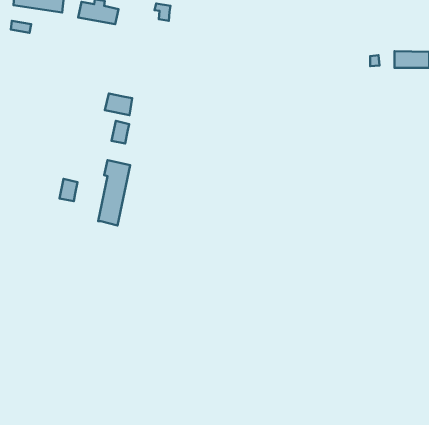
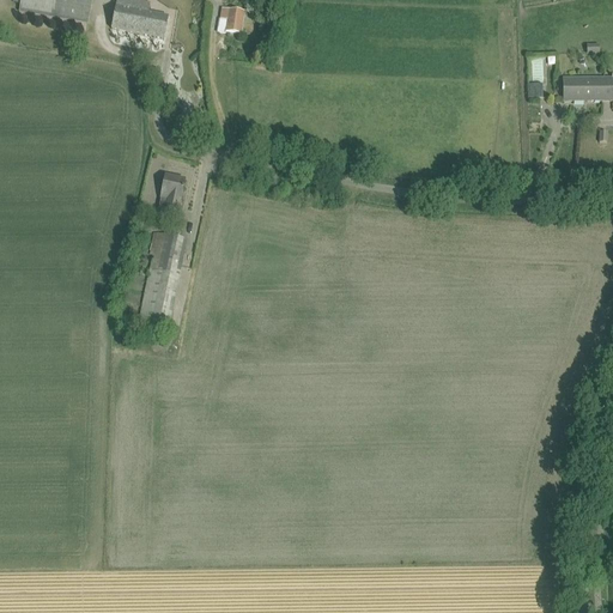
building: [105,94,132,115] -> none
building: [59,179,78,201] -> none

